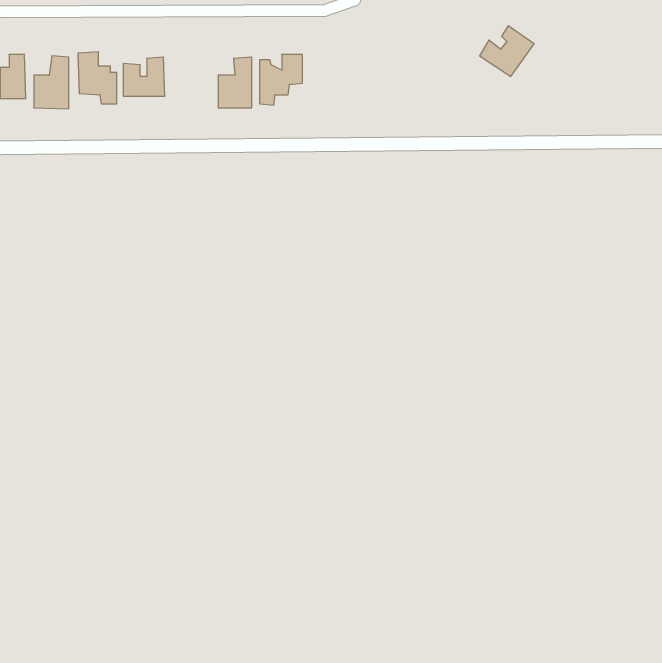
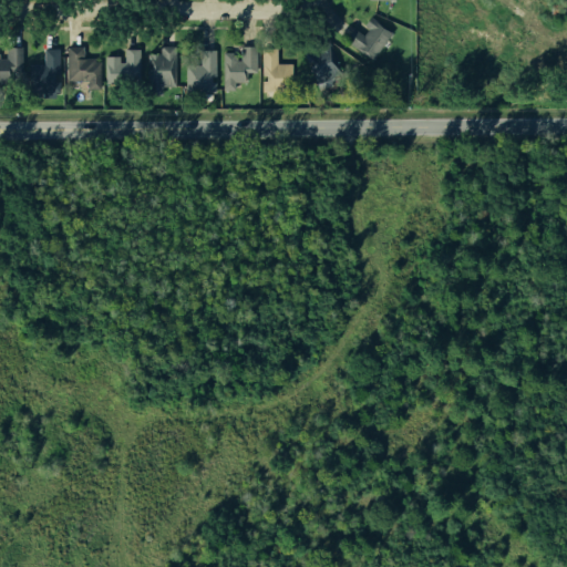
building: [480,26,534,76] -> [347,16,393,59]
building: none -> [306,35,342,83]
building: none -> [148,44,177,94]
building: none -> [262,48,285,91]

